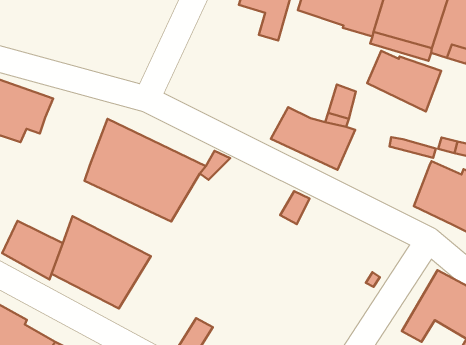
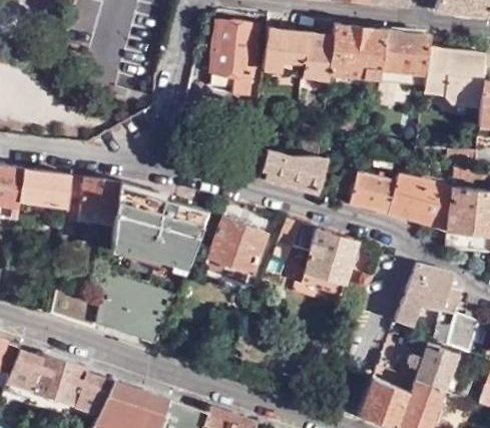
building: [367,51,441,111] -> [336,169,396,213]
building: none -> [64,176,120,227]
building: none -> [204,216,268,282]
building: none -> [300,228,358,297]

